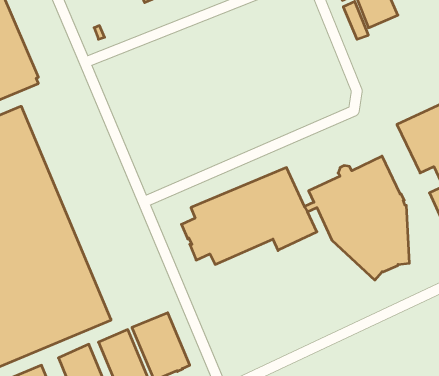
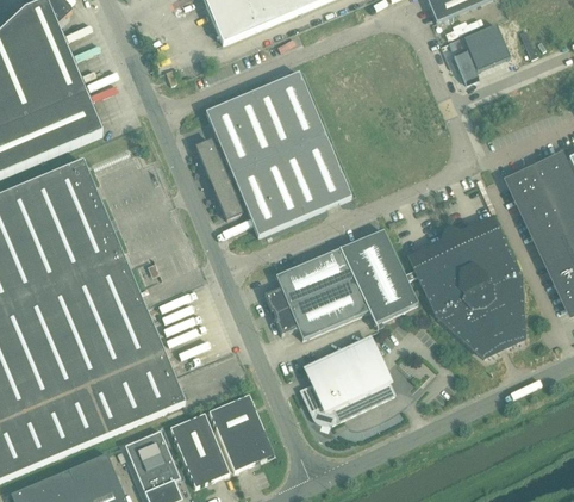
building: none -> [195,72,351,235]
building: none -> [300,337,394,422]

